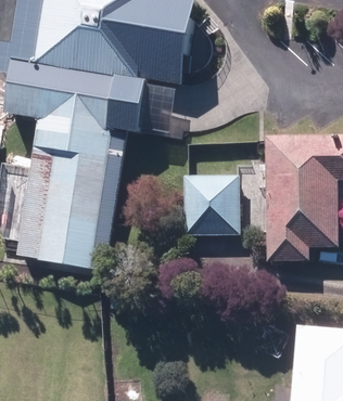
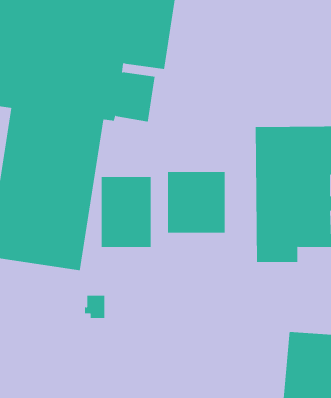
building: none -> [101,176,151,248]

